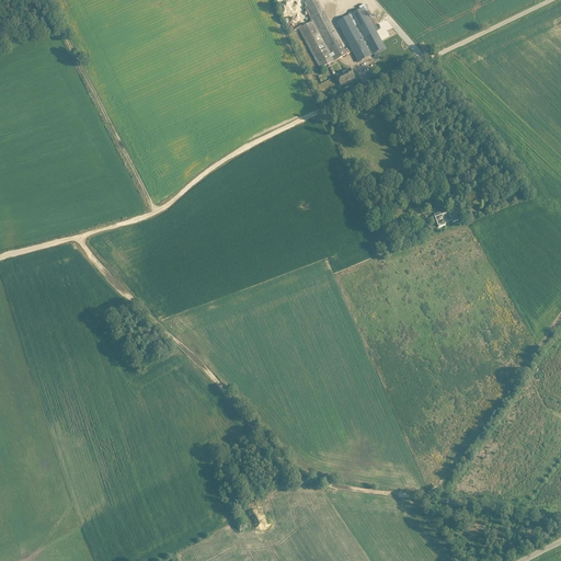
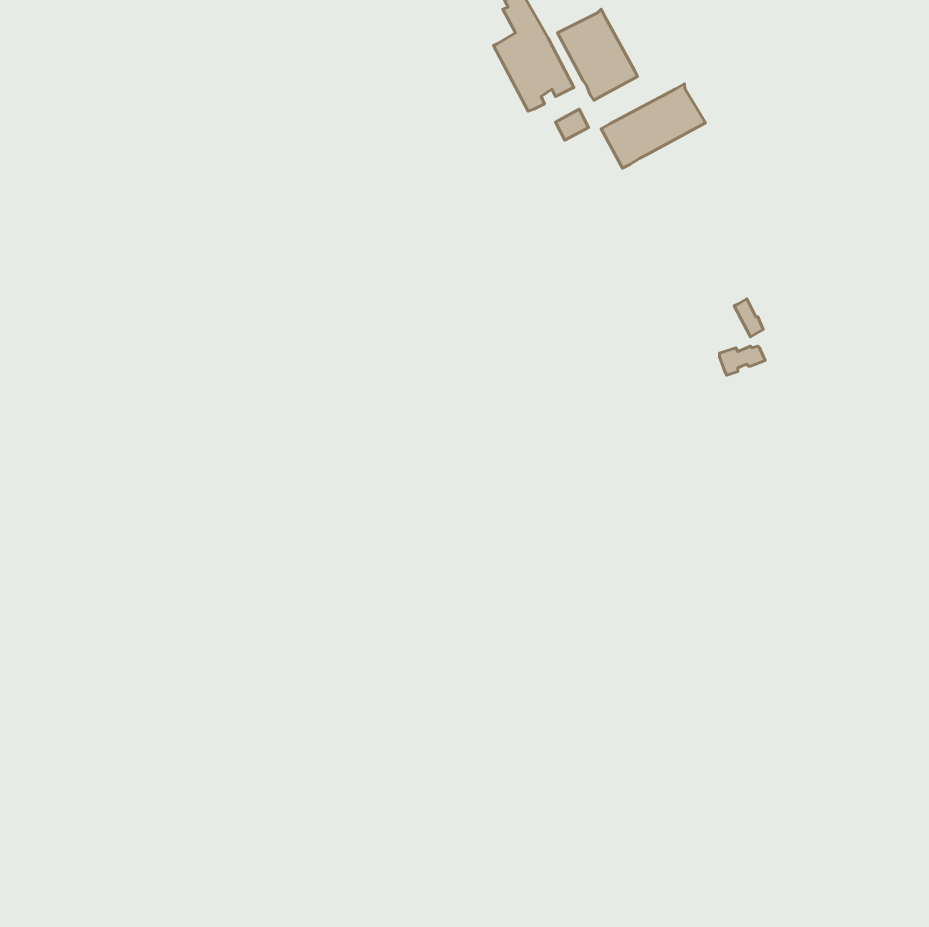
building: none -> [601,84,706,168]

